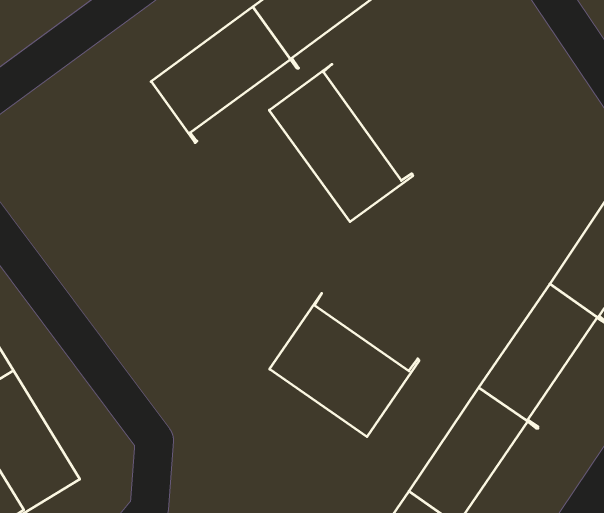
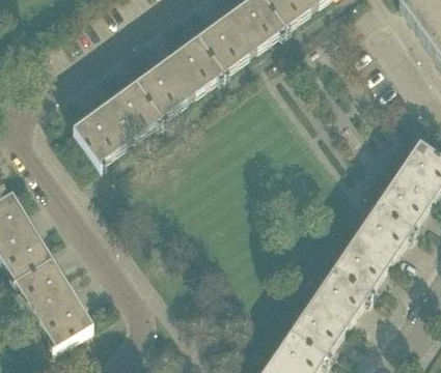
building: [269,64,413,222] -> none
building: none -> [73,83,162,166]
building: [270,293,419,437] -> none

